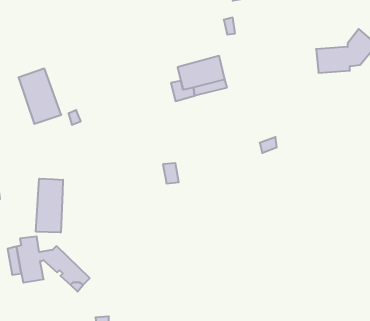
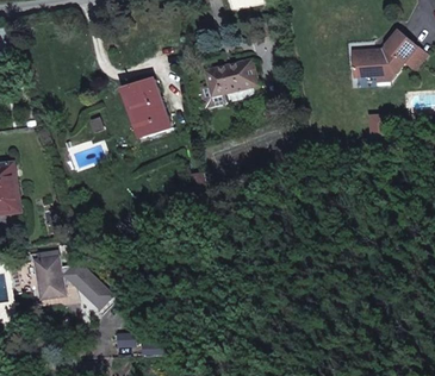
building: [18,69,61,124] -> [125,79,170,137]
building: [36,179,63,233] -> none

